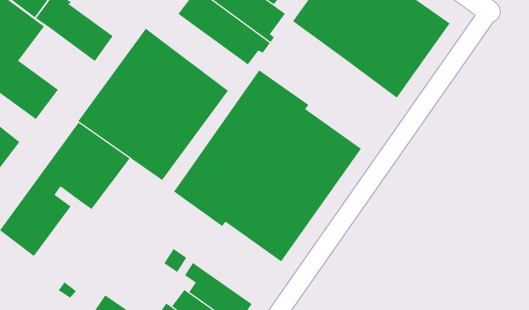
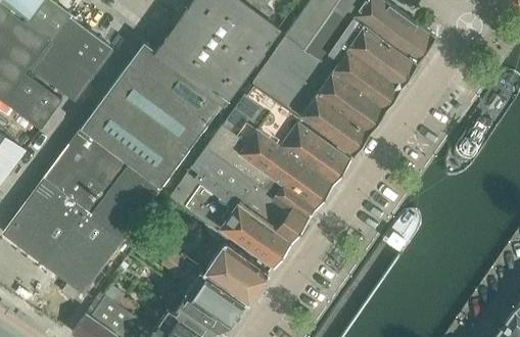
building: none -> [157,29,242,102]
building: none -> [252,36,384,153]
building: none -> [32,42,96,101]
building: none -> [38,166,160,293]
building: none -> [203,242,269,302]

